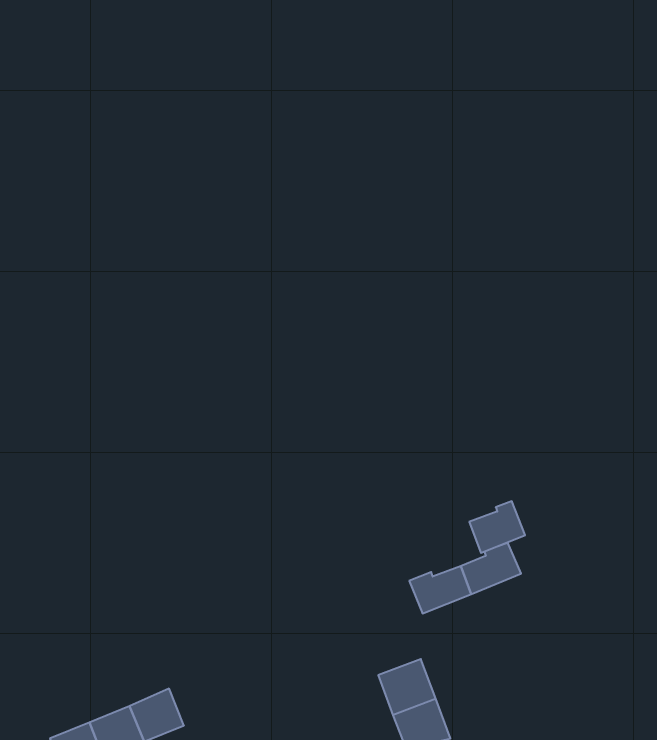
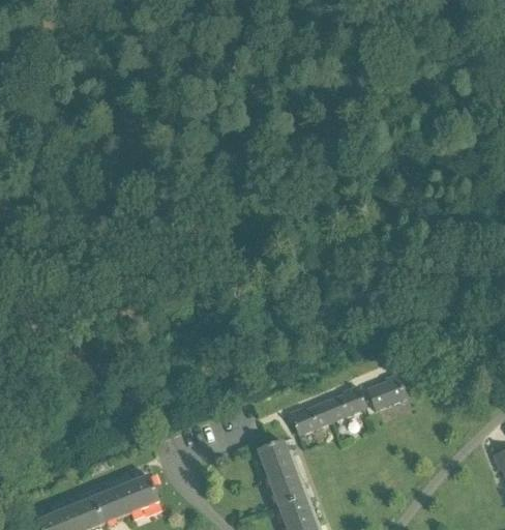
building: [469,501,525,553] -> [366,374,406,410]
building: none -> [256,438,297,478]
building: none -> [120,476,158,513]

